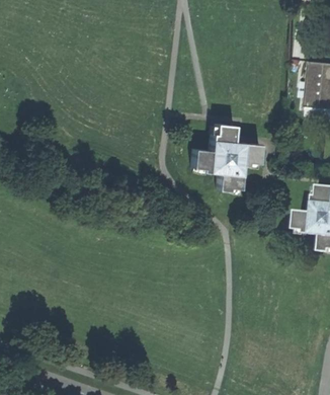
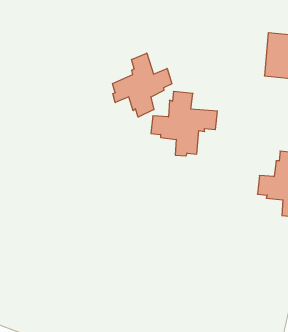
building: none -> [113,53,172,117]

